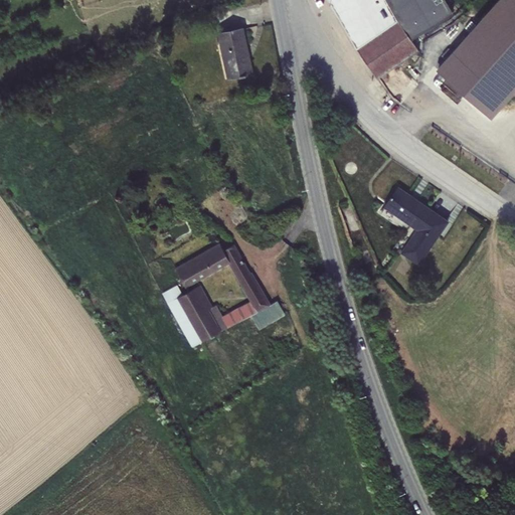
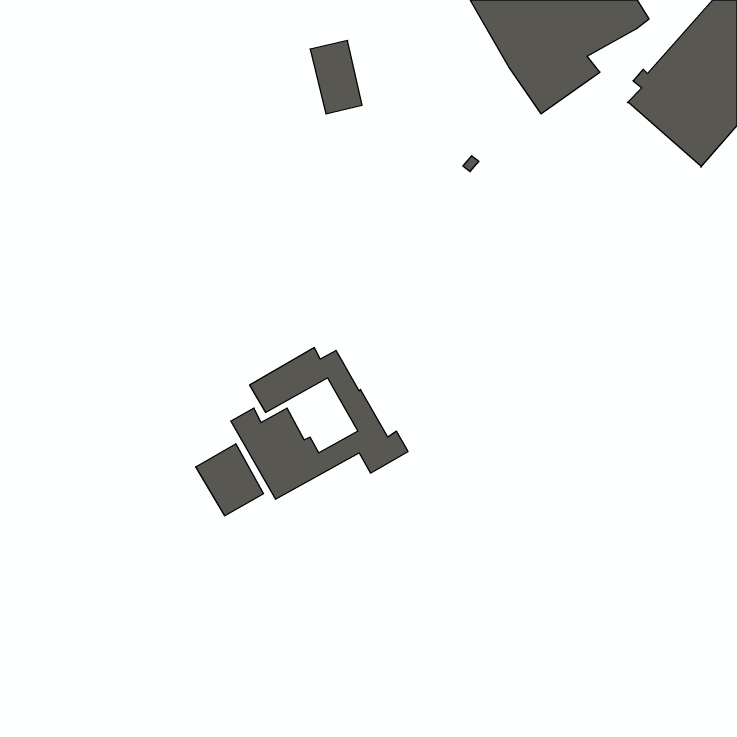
building: [384,187,448,265] -> none
building: none -> [196,444,263,516]

